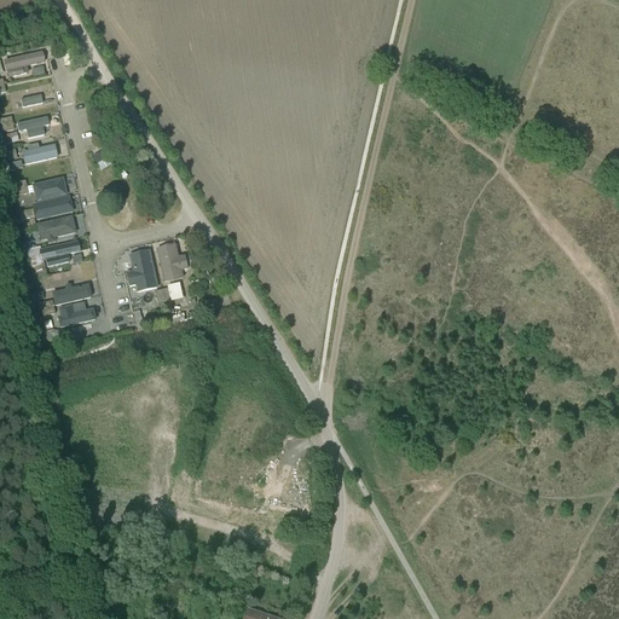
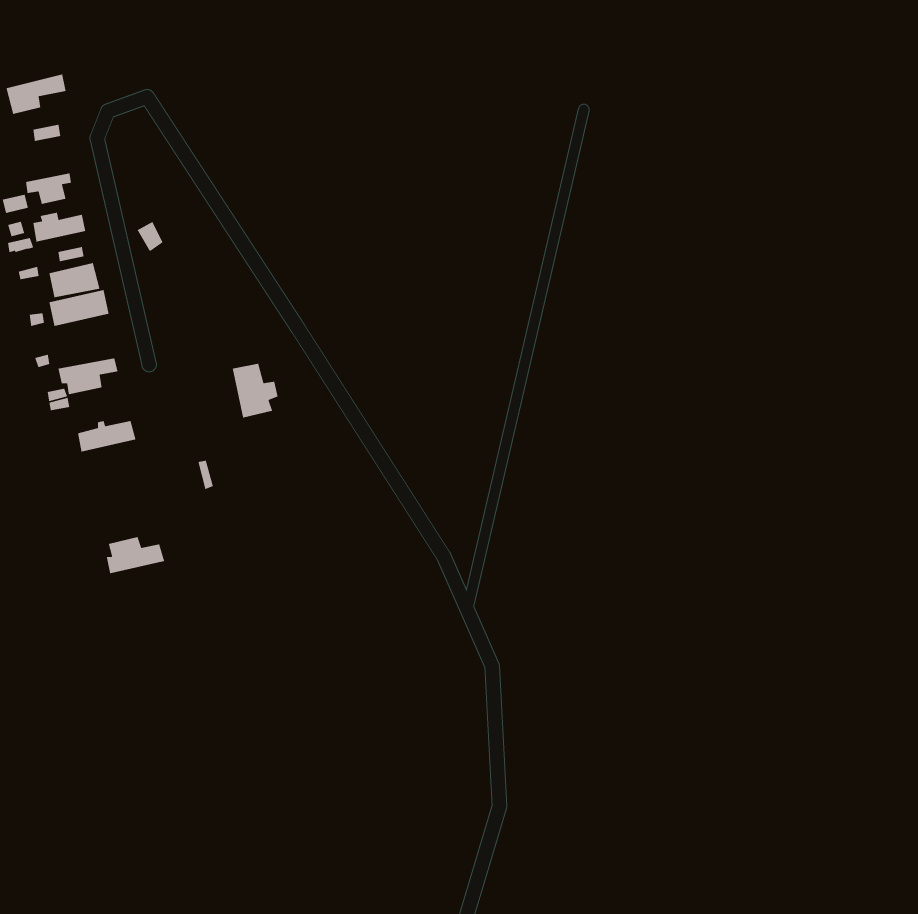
building: [36,214,76,241] -> none
building: [126,249,158,291] -> none
building: [57,302,97,328] -> [106,536,165,574]

